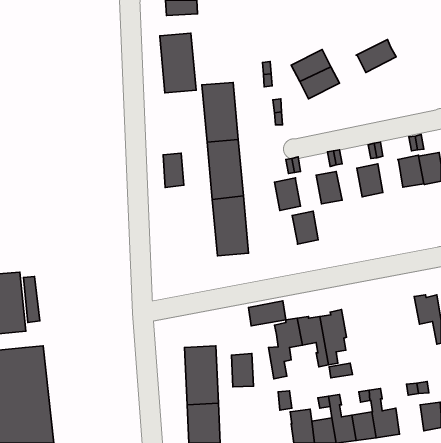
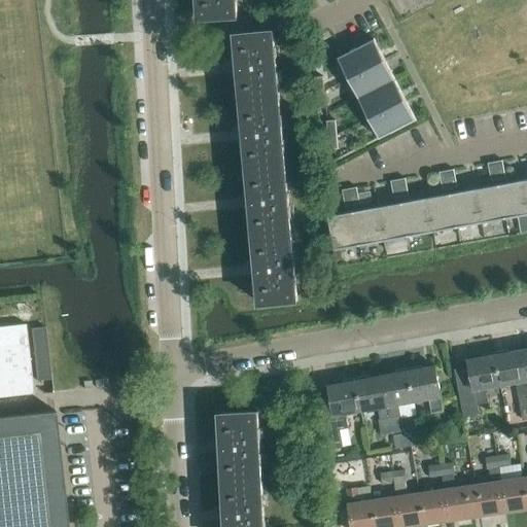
building: none -> [336,38,383,77]
building: [160,33,196,93] -> [234,30,277,101]
building: [356,40,396,72] -> [366,99,414,138]
building: [163,153,184,187] -> none
building: none -> [449,190,480,229]
building: none -> [399,200,430,238]
building: [292,211,318,244] -> [351,208,382,247]
building: none -> [456,352,498,417]
building: [249,301,286,326] -> none
building: none -> [406,365,441,412]
building: [232,353,253,387] -> none
building: none -> [470,481,503,516]

